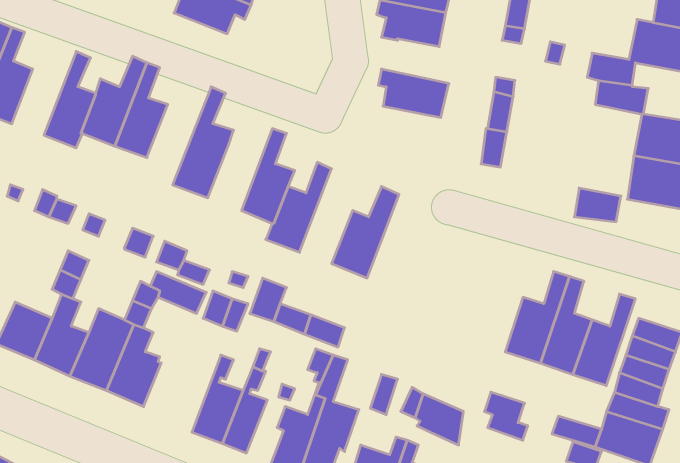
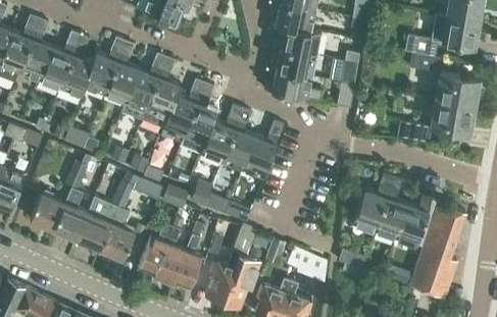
building: none -> [275,27,321,55]
building: none -> [40,32,81,88]
building: none -> [123,54,166,119]
building: none -> [265,69,321,104]
building: none -> [164,80,205,136]
building: none -> [222,109,256,169]
building: none -> [138,224,172,276]

